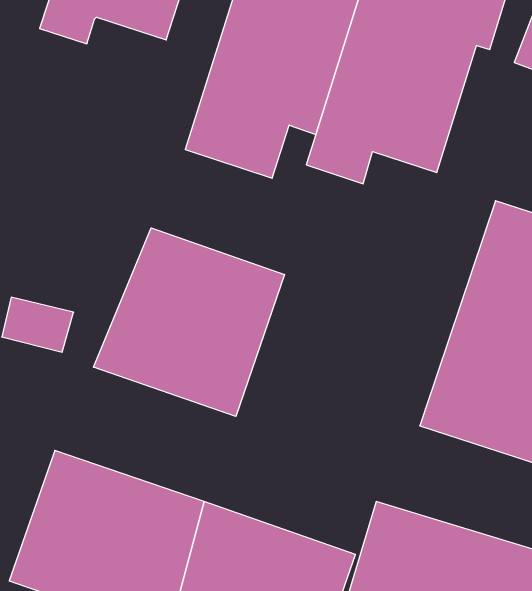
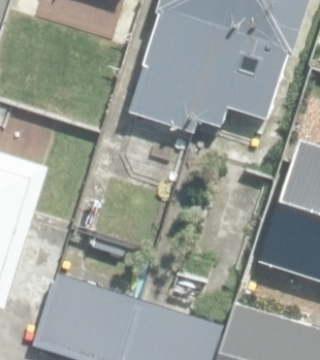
building: [94,228,284,416] -> none

